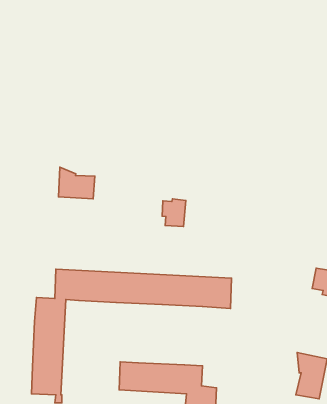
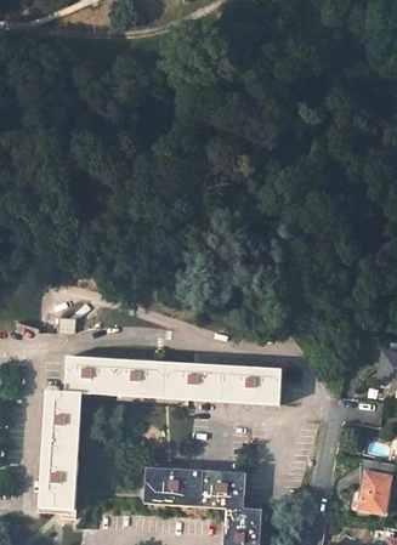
building: [58,167,95,199] -> none
building: [162,199,186,227] -> none

